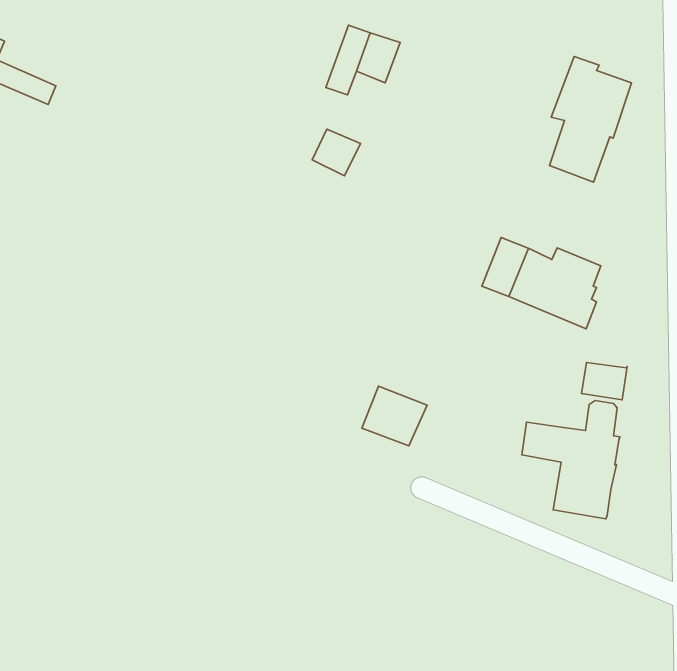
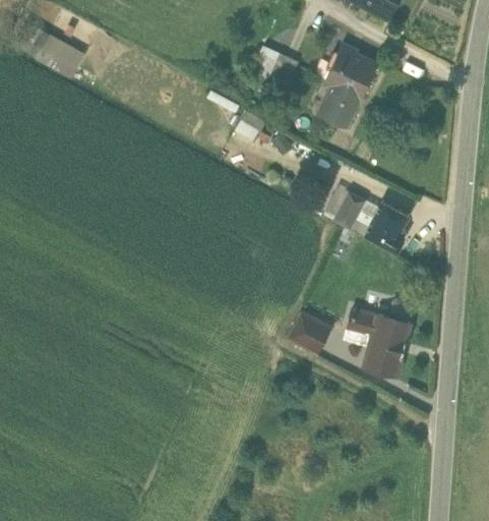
building: [550,57,632,182] -> [320,44,377,124]
building: [582,362,627,400] -> none
building: [362,386,427,446] -> [289,312,331,352]

